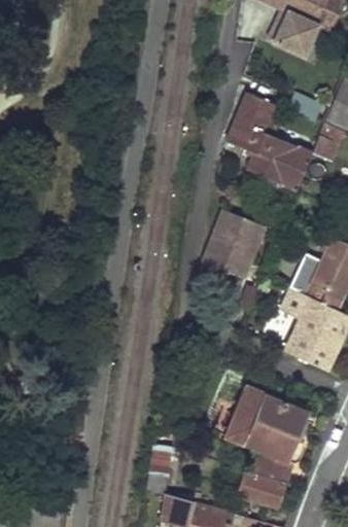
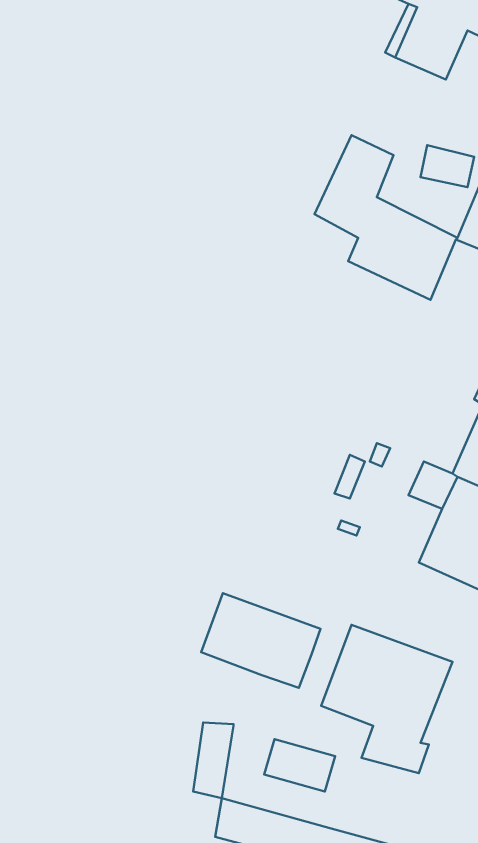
building: [202,210,264,279] -> none
building: none -> [201,593,320,688]
building: [241,475,284,506] -> [264,739,335,791]

